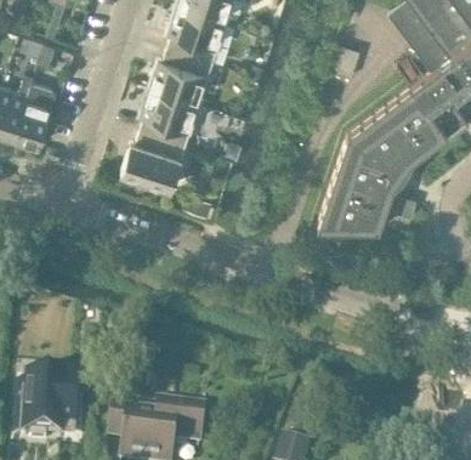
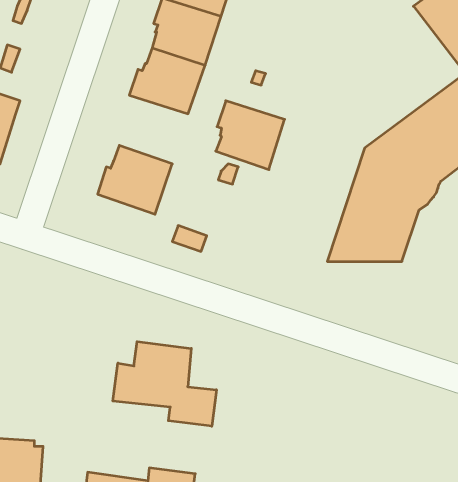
building: [141,90,199,148] -> [216,101,285,170]
building: none -> [113,342,216,426]

